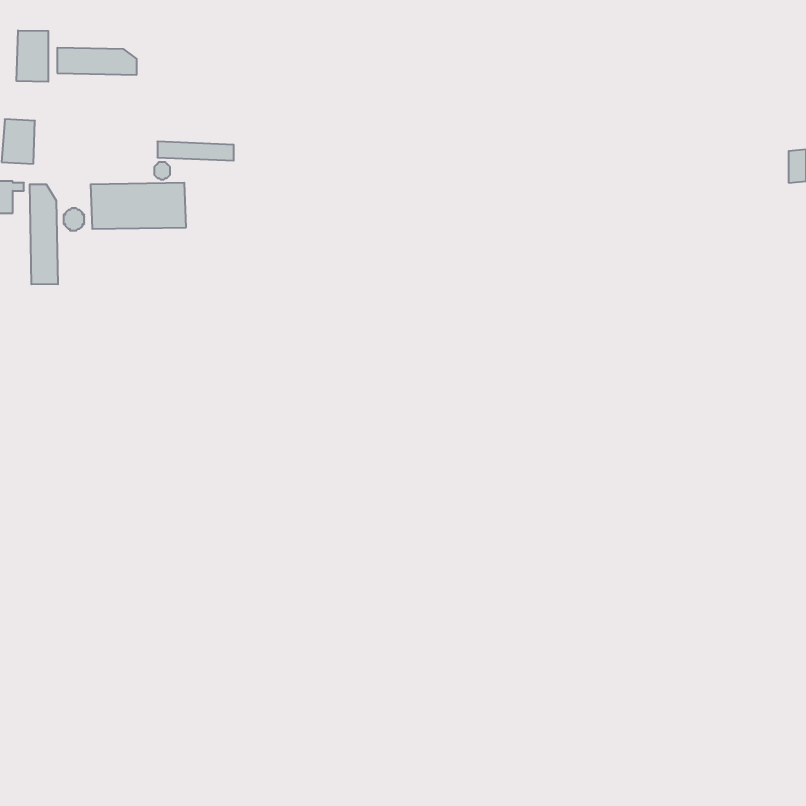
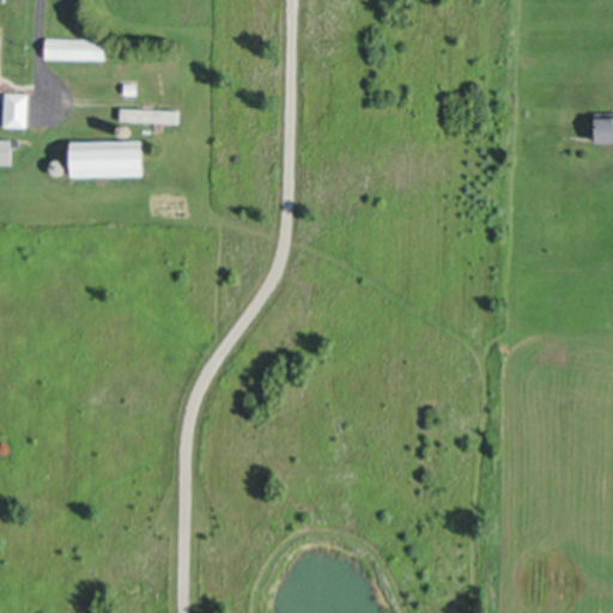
building: [17,30,48,82] -> none
building: [30,184,58,284] -> none

